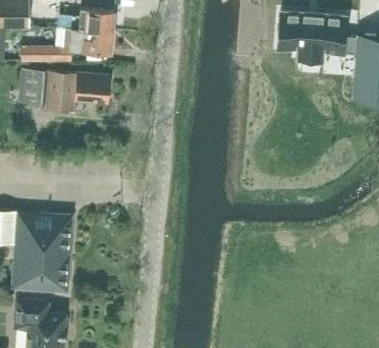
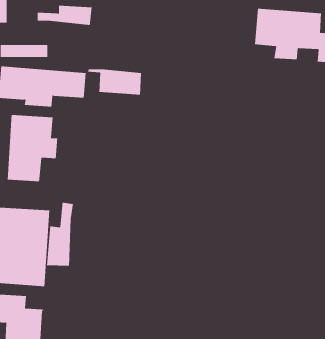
building: [57,24,112,51] -> [87,69,142,95]
building: none -> [7,114,58,182]
building: none -> [46,202,74,266]

